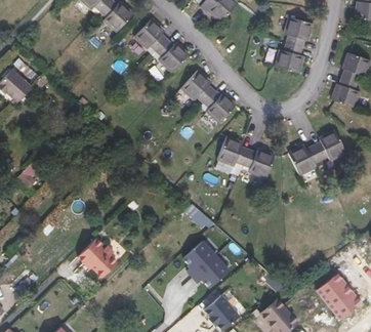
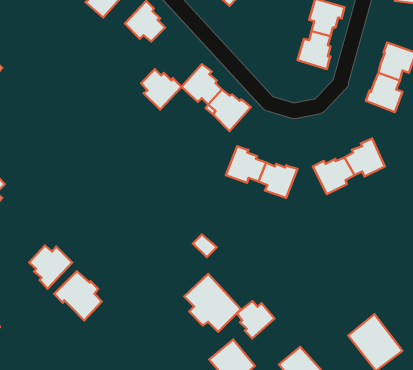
building: [156,39,189,72] -> [141,69,182,110]
building: none -> [29,245,72,289]
building: none -> [237,301,274,339]

